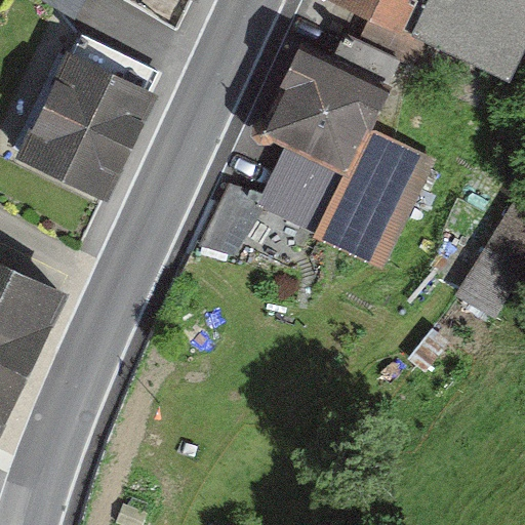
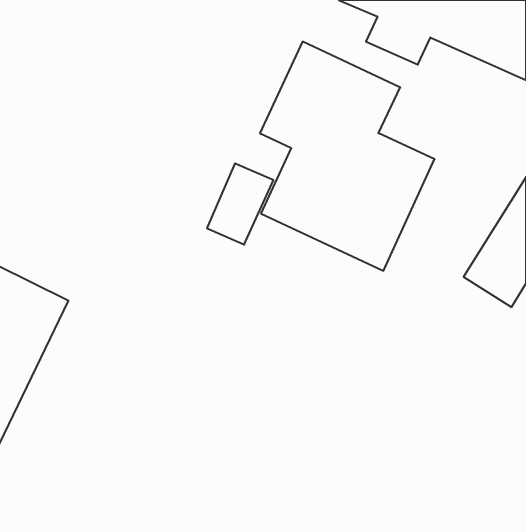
building: [18,51,155,195] -> none

